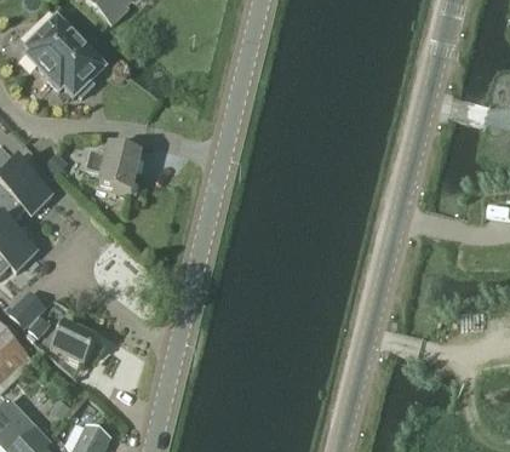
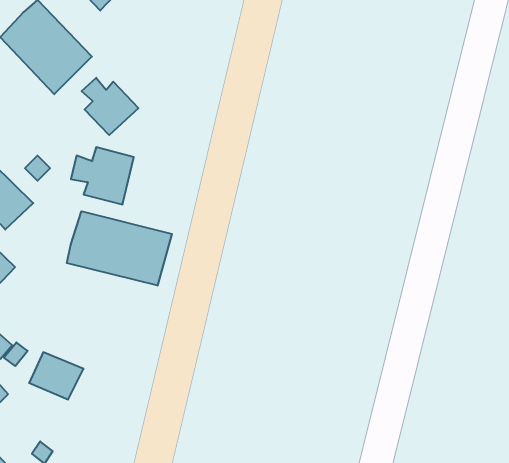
building: none -> [82,78,138,135]
building: none -> [67,211,172,286]

